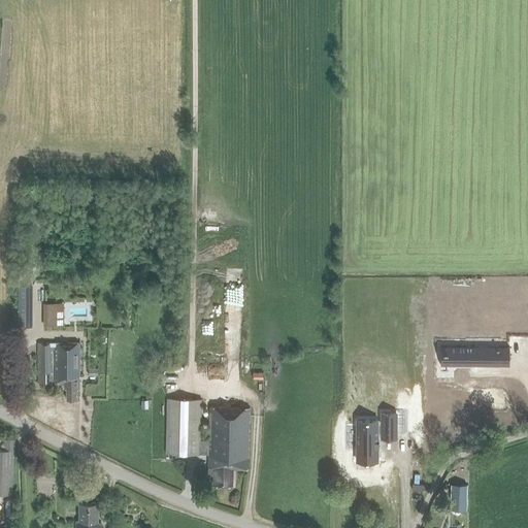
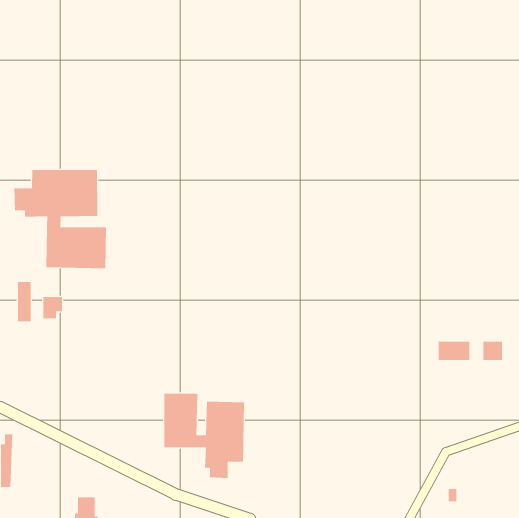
building: none -> [14,169,107,269]
building: [37,344,80,401] -> none
building: [357,414,396,462] -> none

